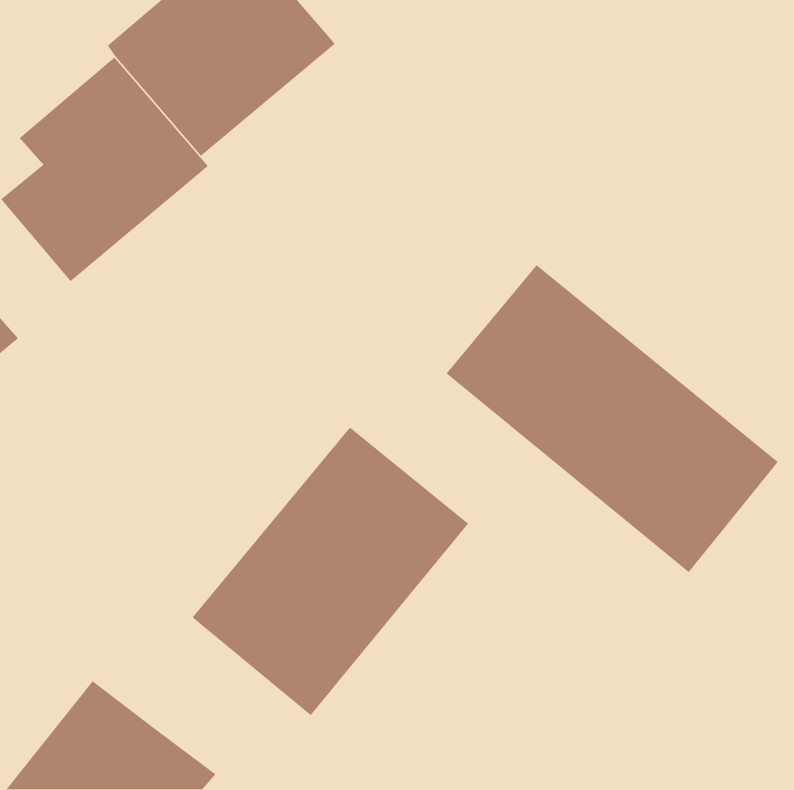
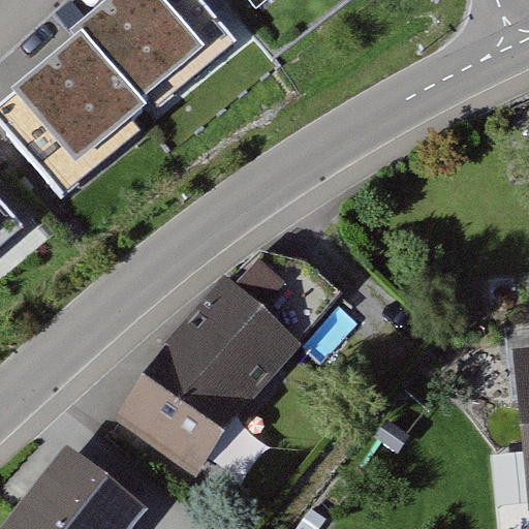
building: [445,264,779,573] -> none

